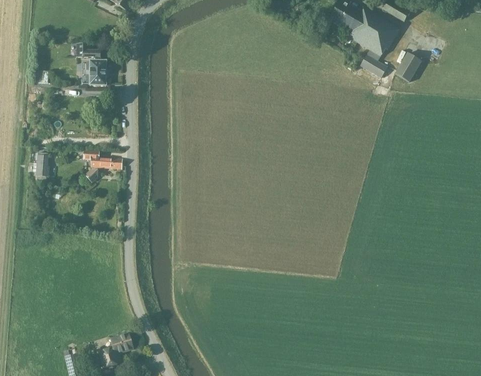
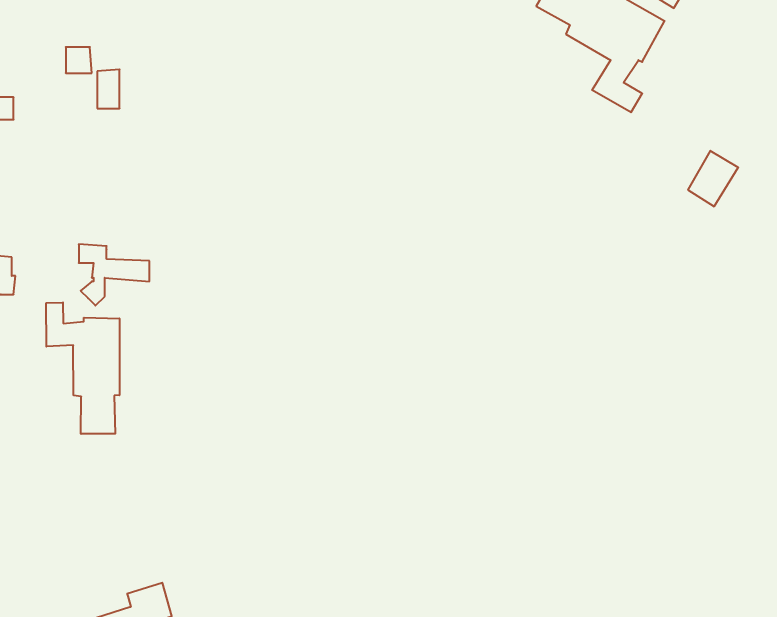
building: [395,51,422,81] -> [688,151,738,206]
building: none -> [46,302,119,434]

